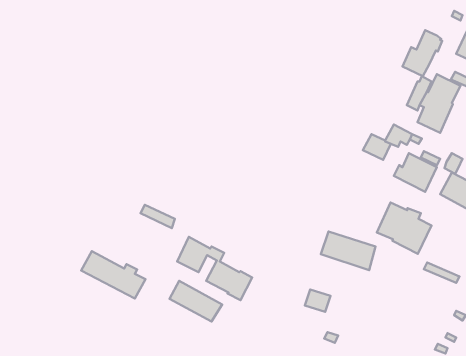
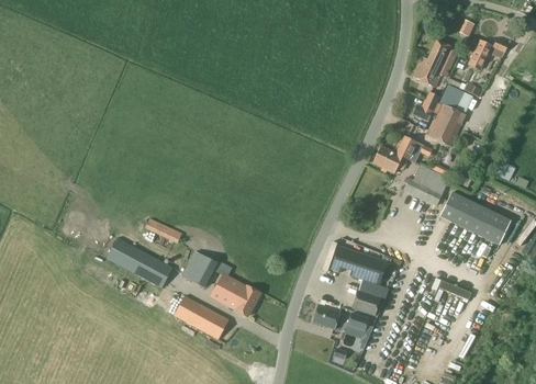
building: [377,202,431,254] -> none
building: [81,251,146,298] -> [107,239,172,287]
building: none -> [351,291,384,317]
building: none -> [345,314,371,343]

